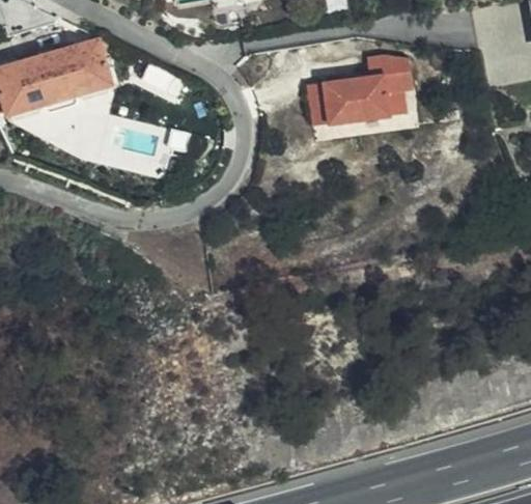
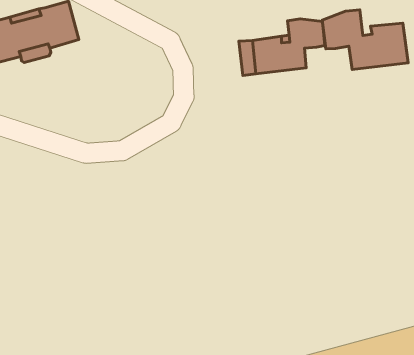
building: none -> [322,10,408,70]

